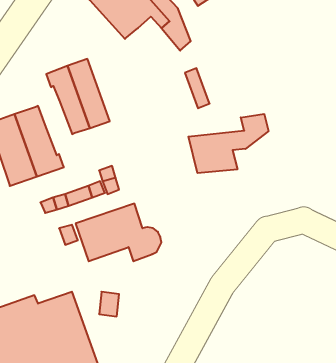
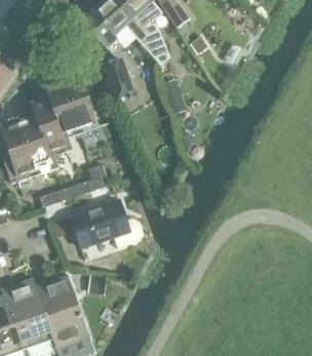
building: none -> [103,57,132,96]
building: none -> [30,95,72,156]
building: [188,114,268,173] -> none

